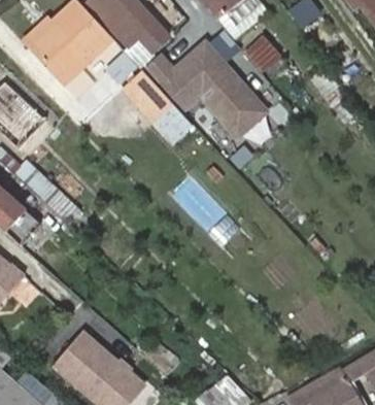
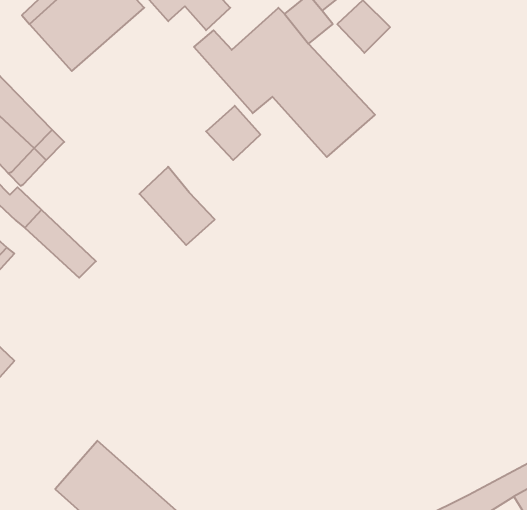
building: [124,70,175,124] -> [139,167,215,245]

